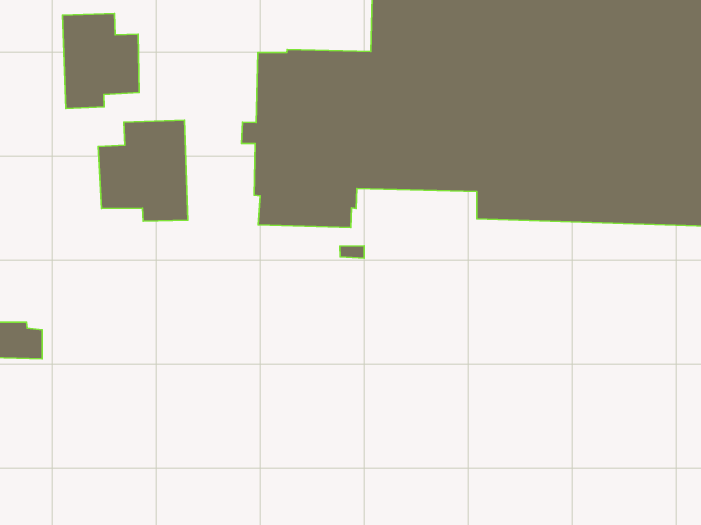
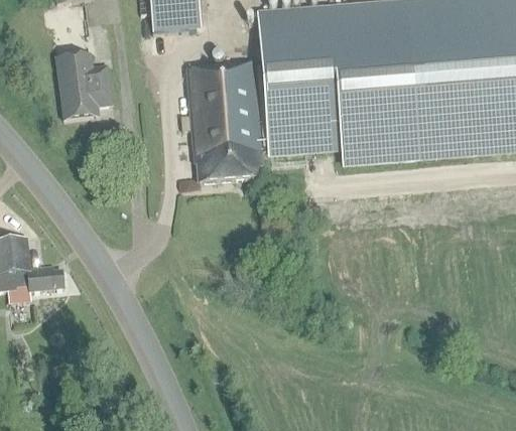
building: [98,120,188,221] -> none

